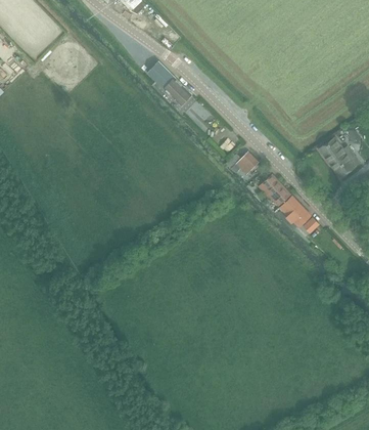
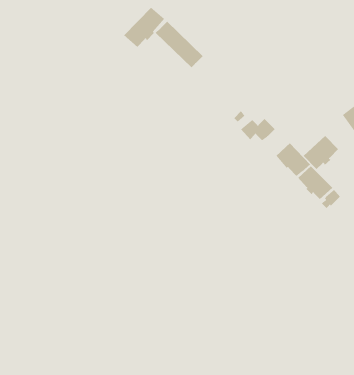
building: none -> [123,7,165,48]
building: none -> [303,135,339,170]

